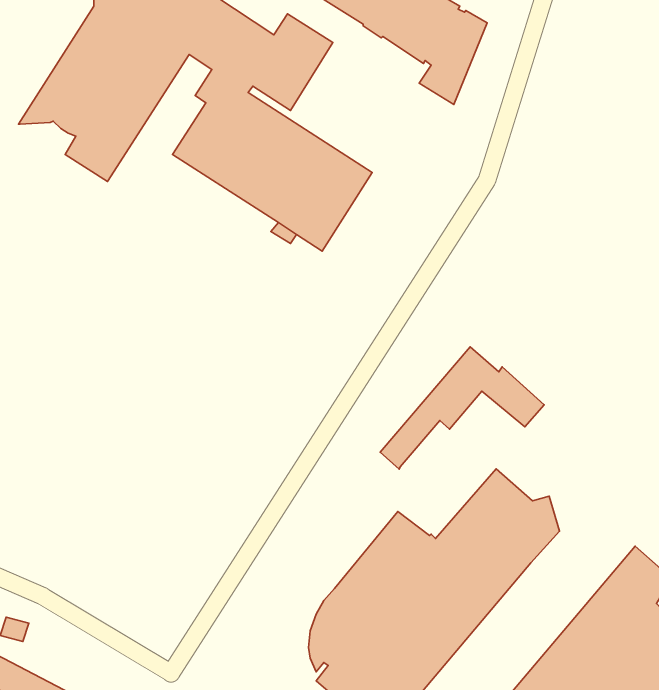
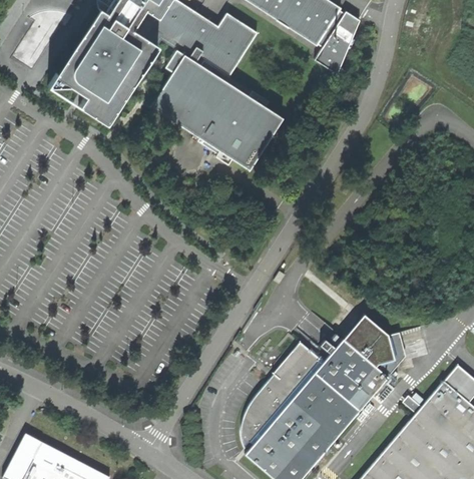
building: [380,347,544,469] -> none

